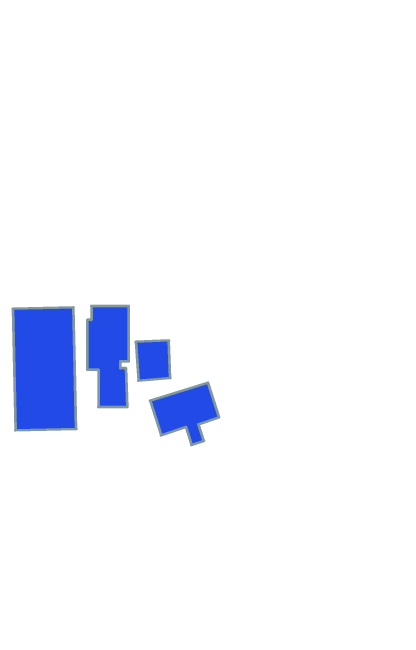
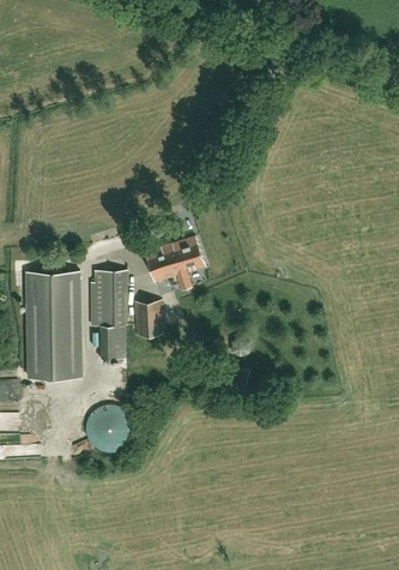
building: [150,383,219,445] -> [144,236,204,290]
building: none -> [87,410,131,454]

